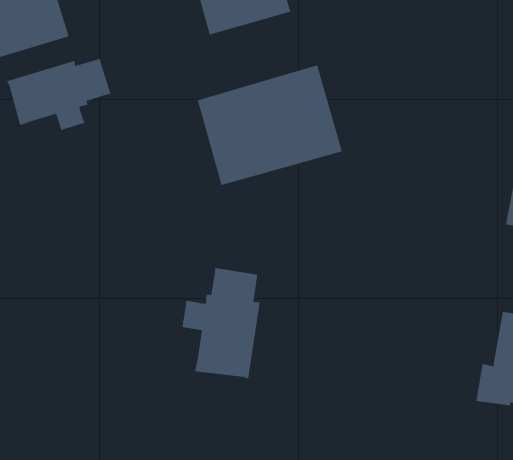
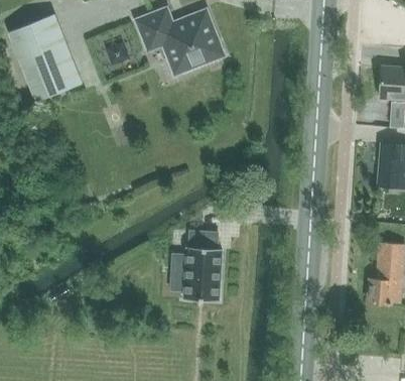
building: [6,58,111,131] -> none
building: [197,64,342,186] -> none

